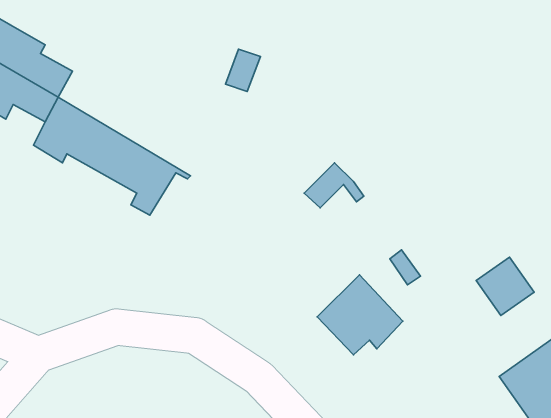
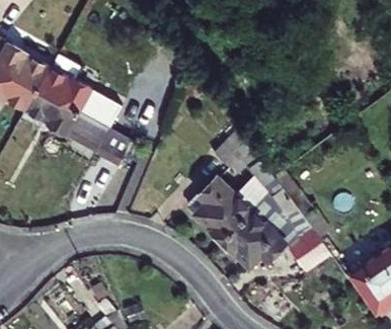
building: none -> [42,67,129,129]
building: none -> [188,162,272,238]
building: [476,257,534,315] -> [285,230,325,270]

